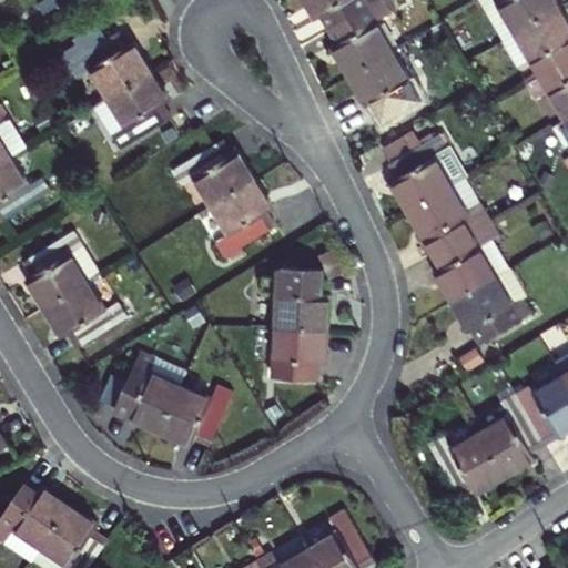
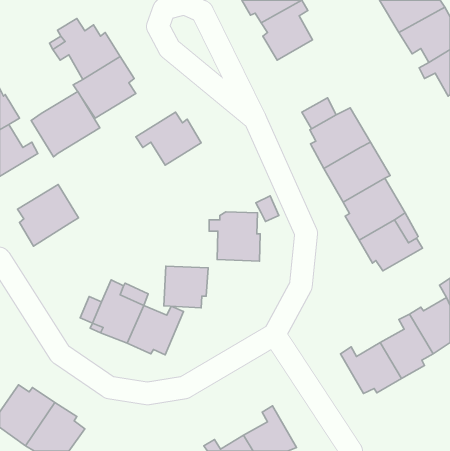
building: [348,50,418,116] -> none
building: none -> [31,92,100,157]
building: [207,180,273,257] -> none
building: [42,281,124,348] -> none
building: [271,326,326,378] -> [164,266,208,308]

